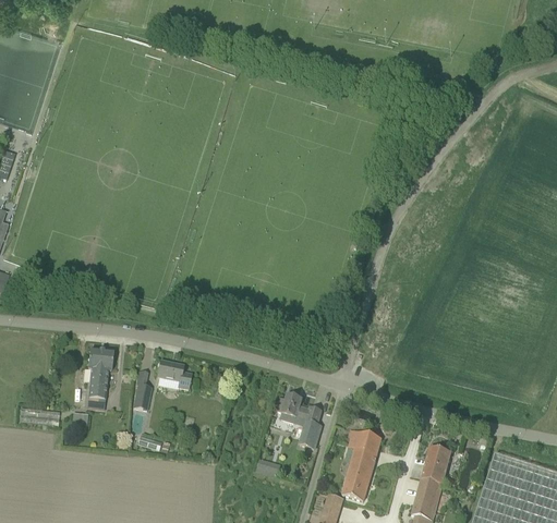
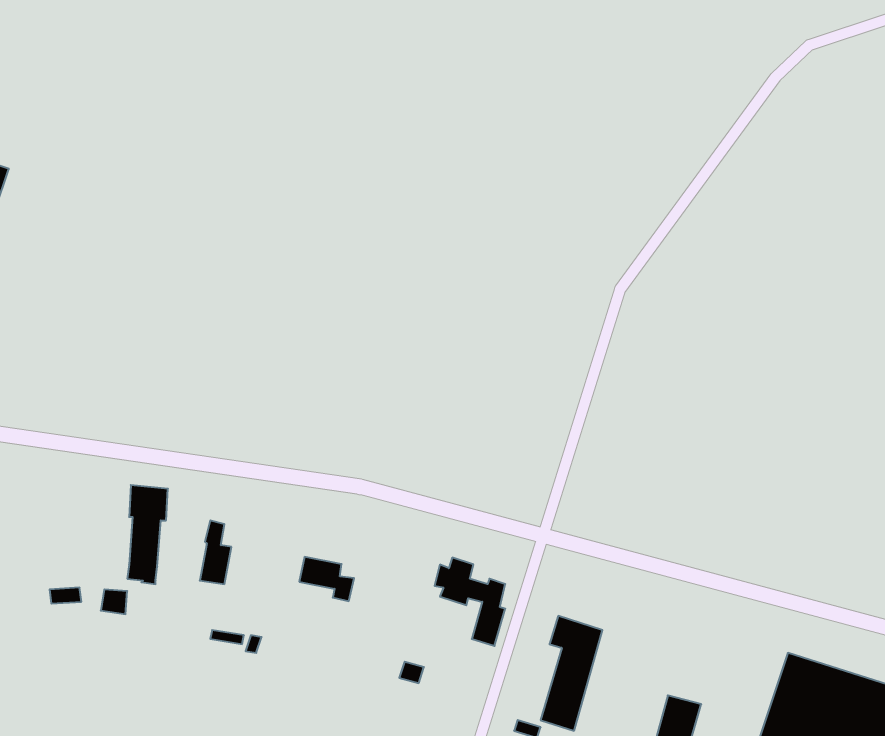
building: [157,361,191,388] -> [299,557,354,601]
building: [421,446,451,484] -> none

